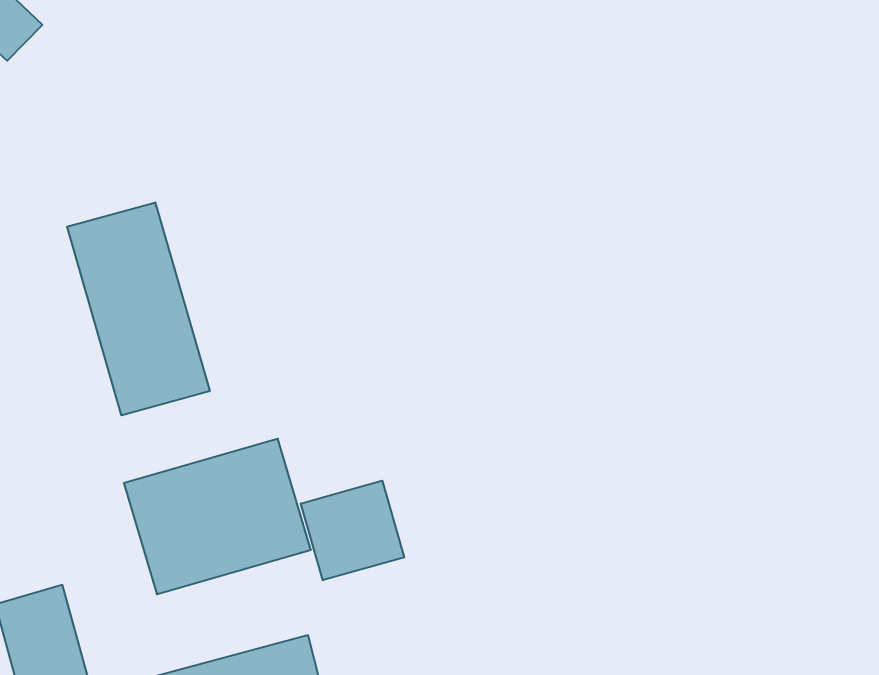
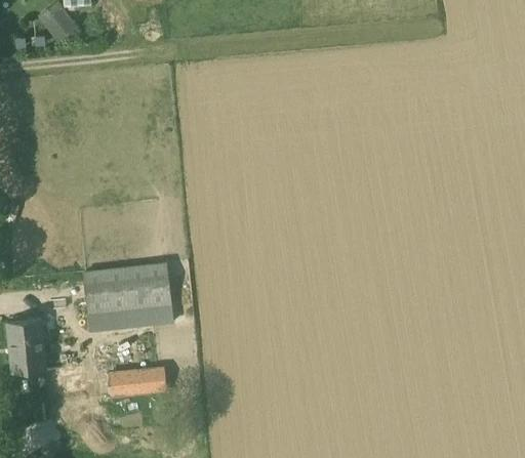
building: [67,202,210,415] -> none
building: [301,481,404,580] -> none

